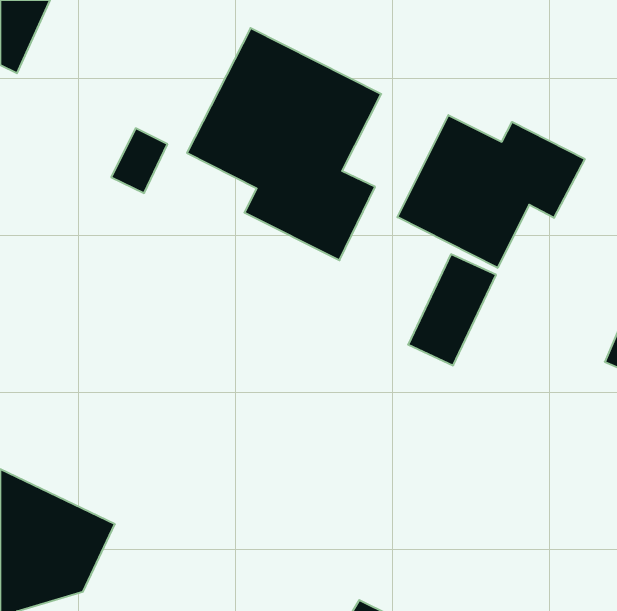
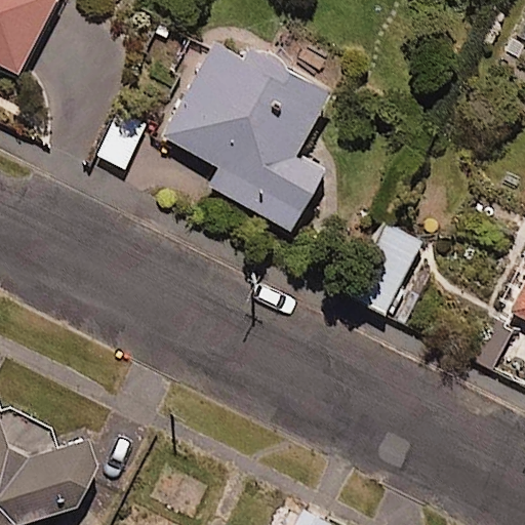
building: [397,115,585,268] -> none

